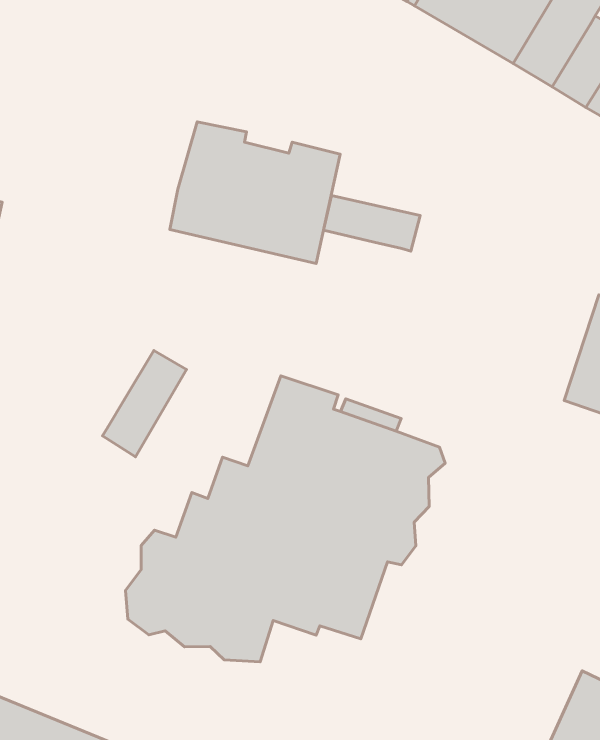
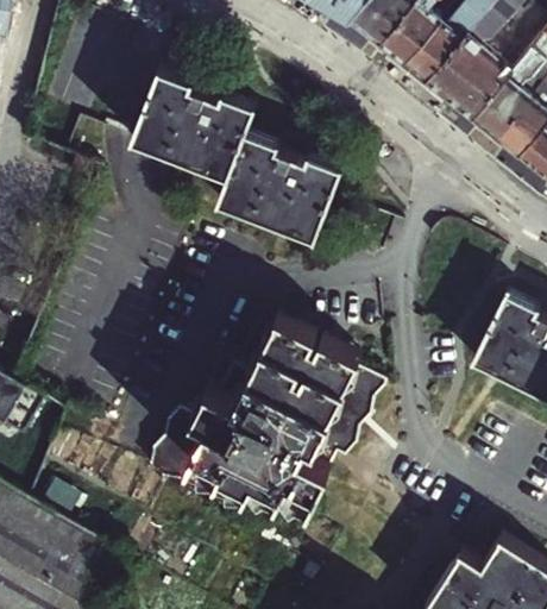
building: none -> [131,68,256,176]
building: [323,195,420,251] -> none
building: [102,350,186,457] -> none

